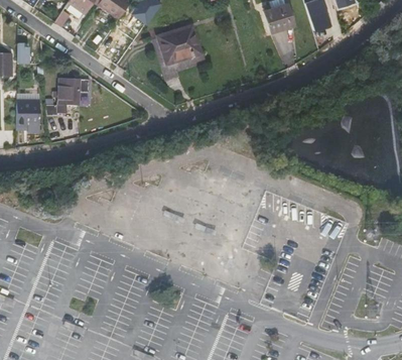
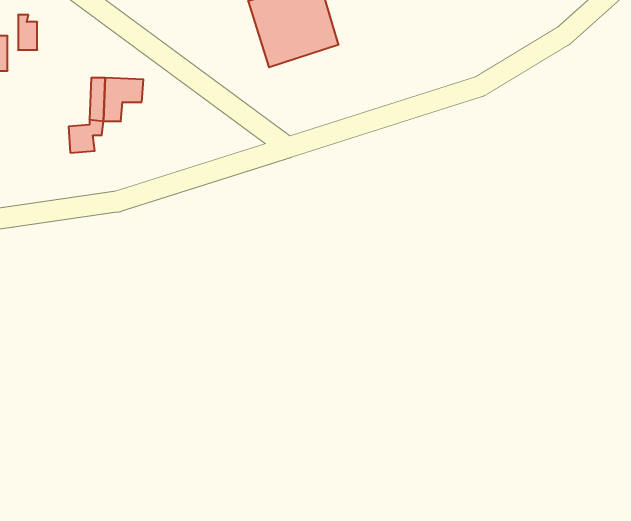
building: [16,102,39,134] -> none

